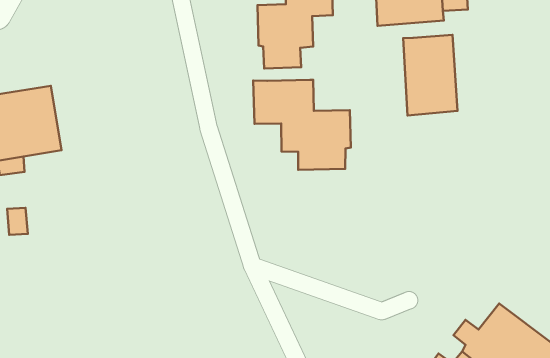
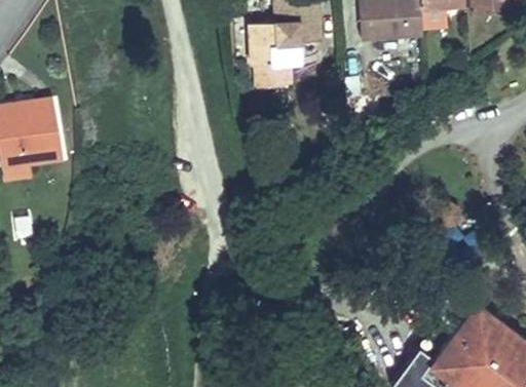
building: [403,35,458,116] -> none
building: [253,80,351,170] -> none

